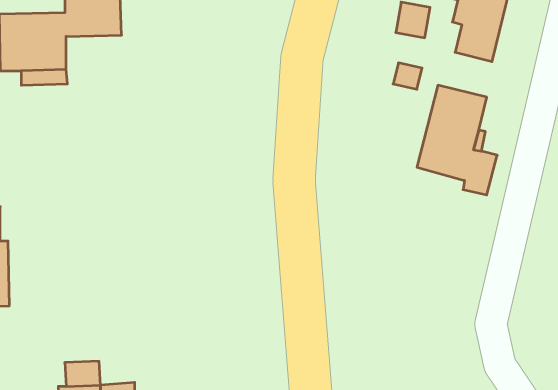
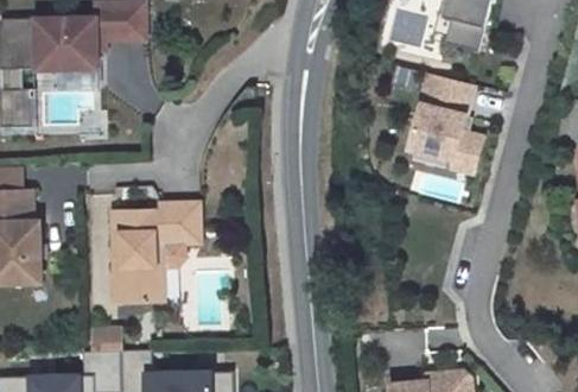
building: none -> [112,201,198,301]

